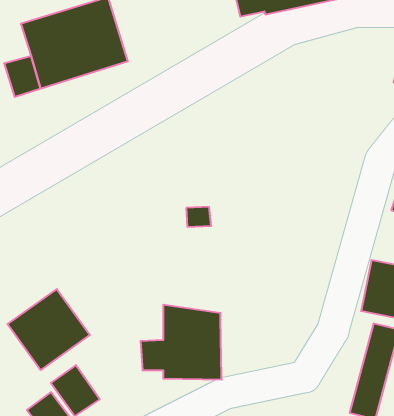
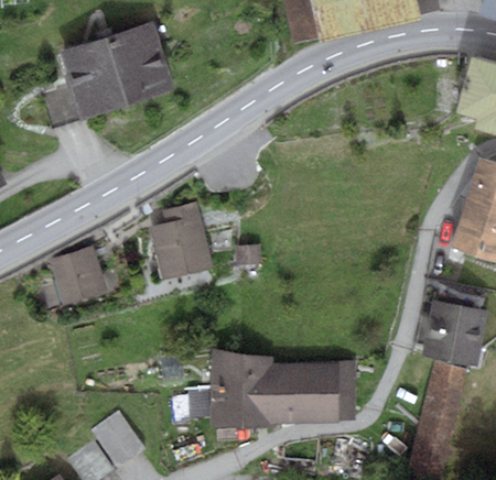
building: none -> [151,201,214,277]
building: none -> [50,247,106,304]
building: [7,289,90,370] -> none
building: none -> [272,362,355,424]

